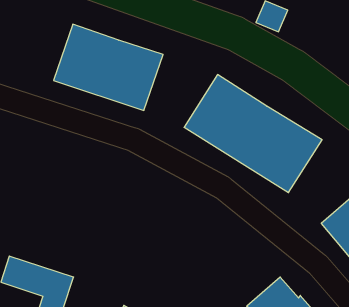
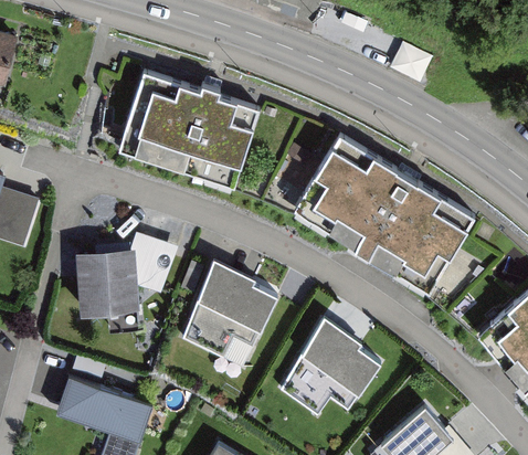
building: none -> [78,235,179,319]
building: none -> [180,260,277,366]
building: none -> [278,316,381,415]

